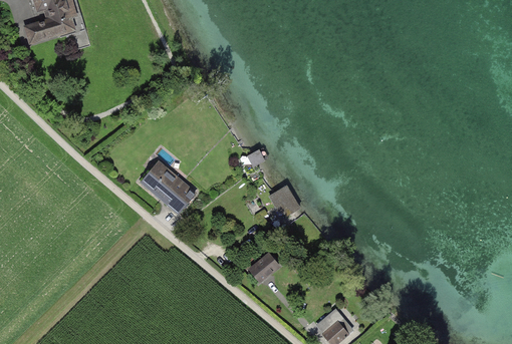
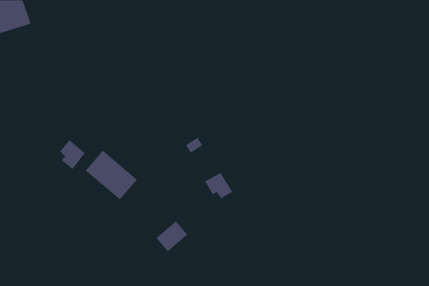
building: none -> [59,139,86,170]
building: [246,251,281,285] -> [156,220,188,252]

